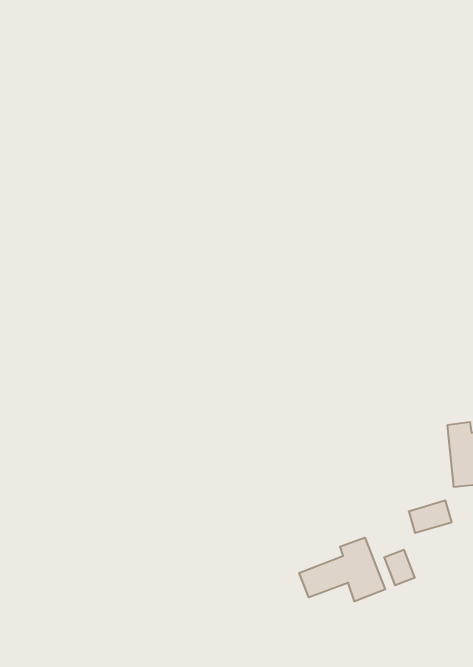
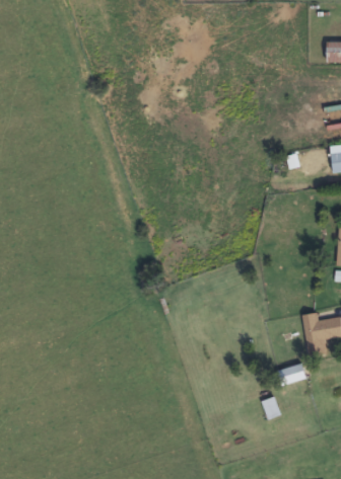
building: [299,538,385,601] -> none

